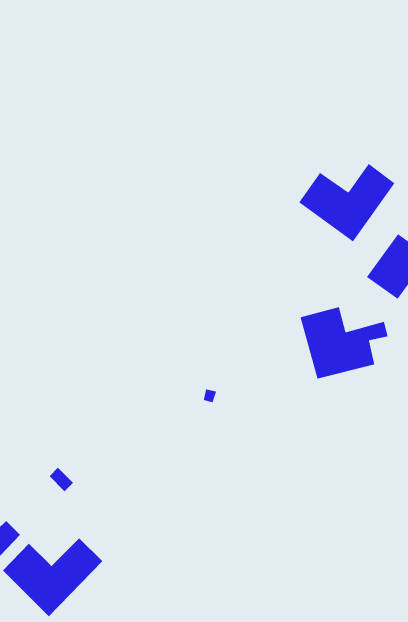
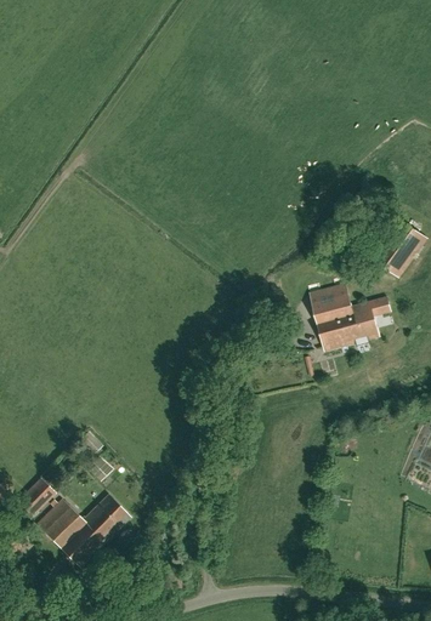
building: [298,163,396,242] -> none

